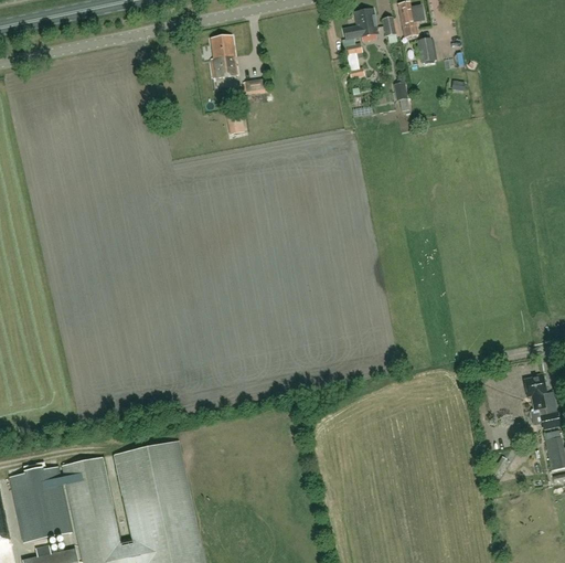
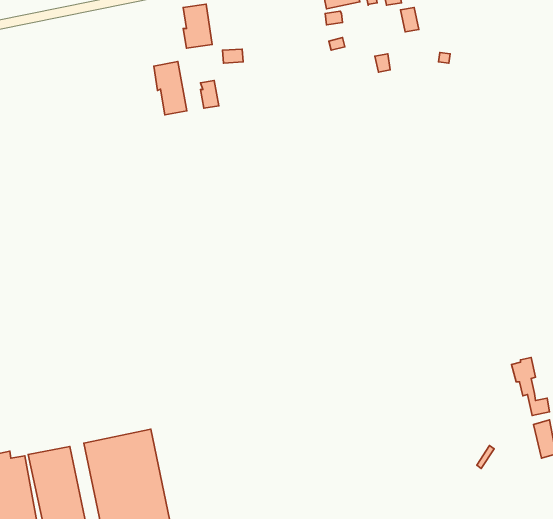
building: none -> [154,62,187,115]

